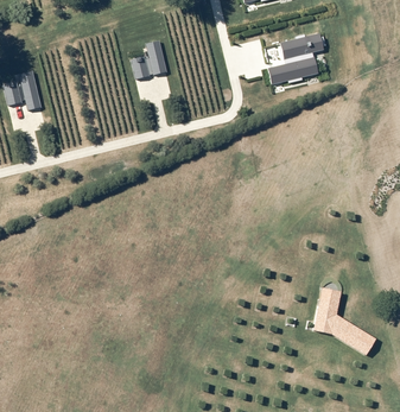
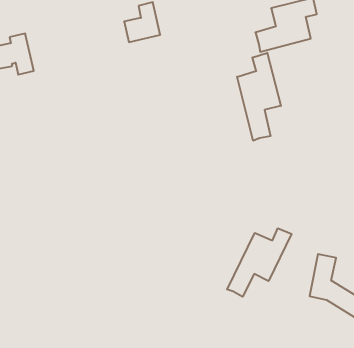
building: none -> [237,53,281,141]
building: none -> [227,228,292,297]

